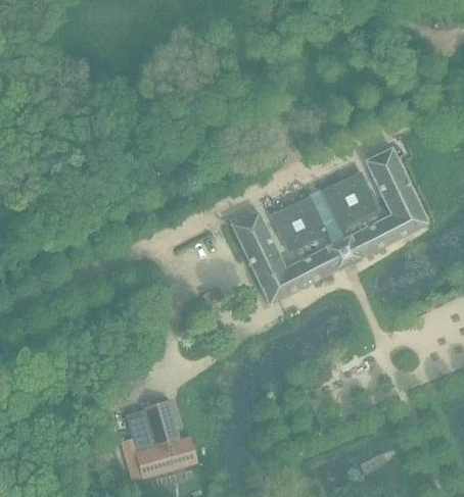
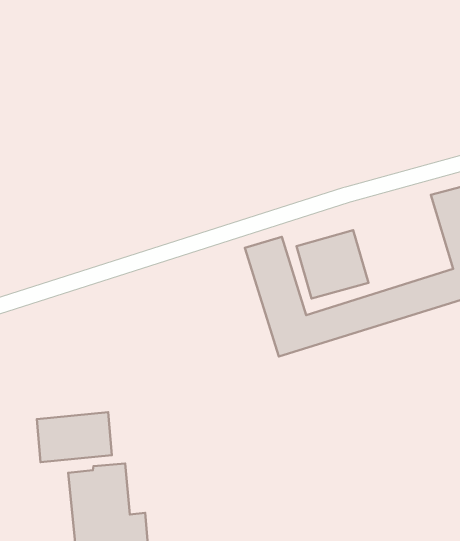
building: [321,171,380,229] -> none
building: none -> [37,412,112,462]

